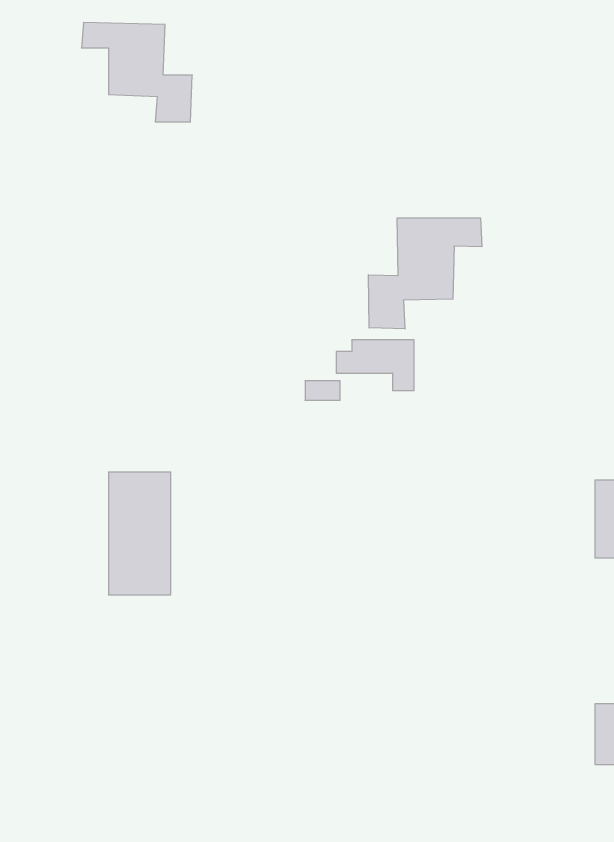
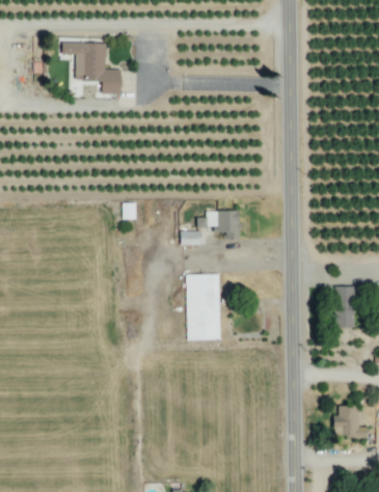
building: [368,218,482,329] -> none
building: [108,472,171,595] -> [187,273,220,338]

